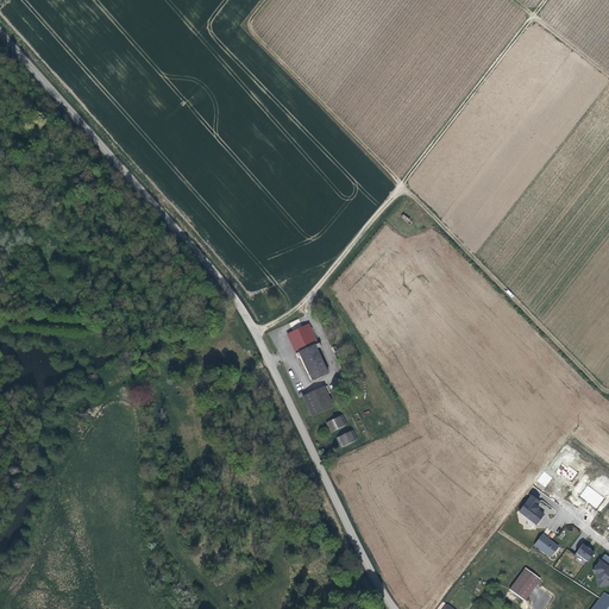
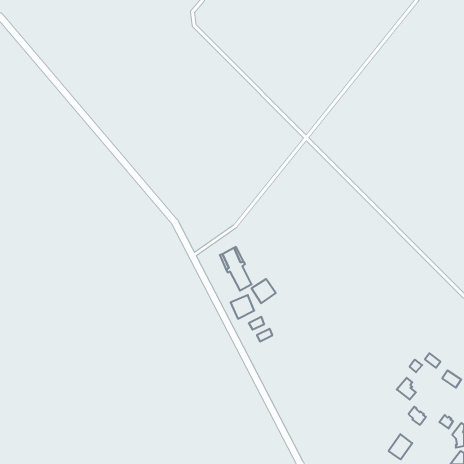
building: none -> [252,279,276,303]

